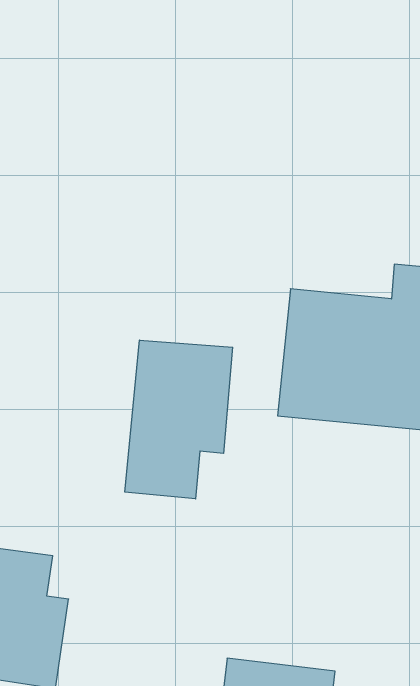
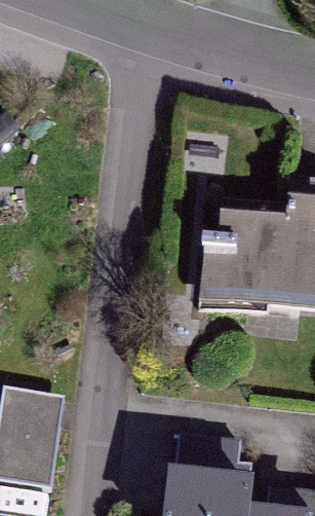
building: [125,340,233,499] -> none

